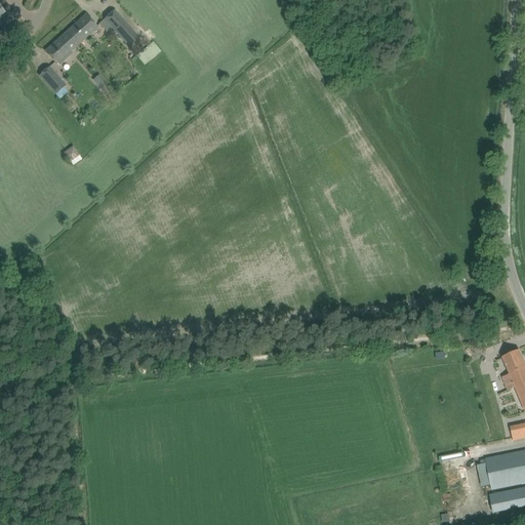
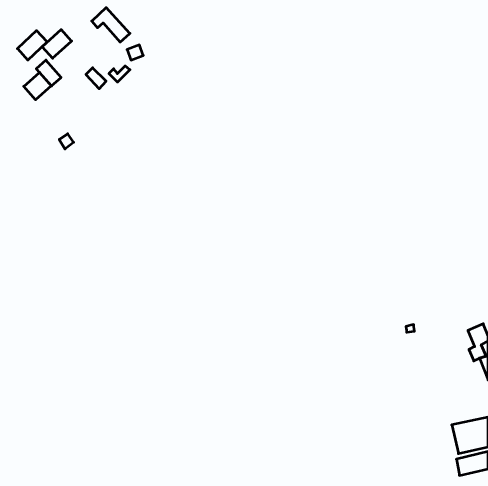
building: [66,12,97,44] -> [17,31,47,60]
building: none -> [24,72,51,100]

